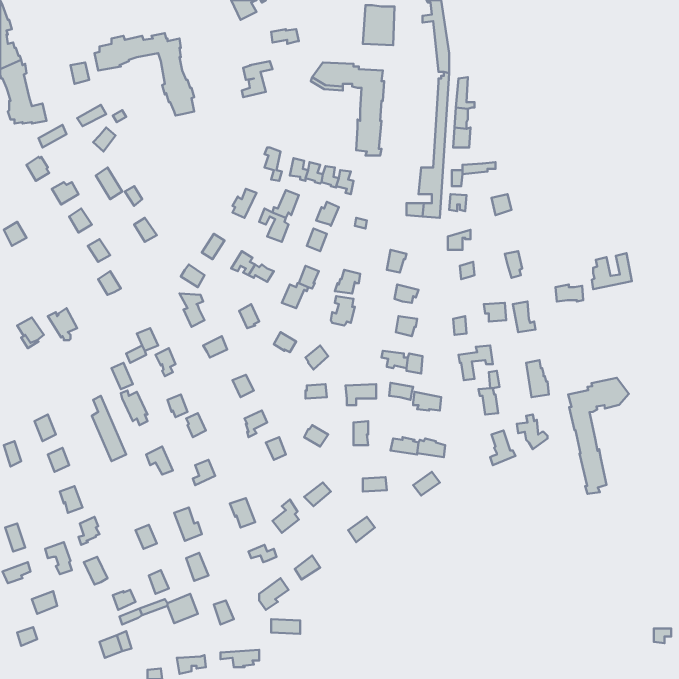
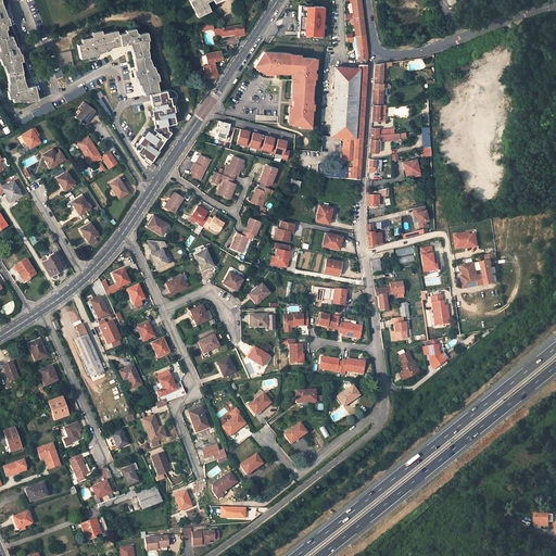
building: none -> [330,66,358,137]
building: none -> [137,89,175,164]
building: [592,253,632,289] -> [462,258,494,288]
building: [568,378,629,494] -> none

